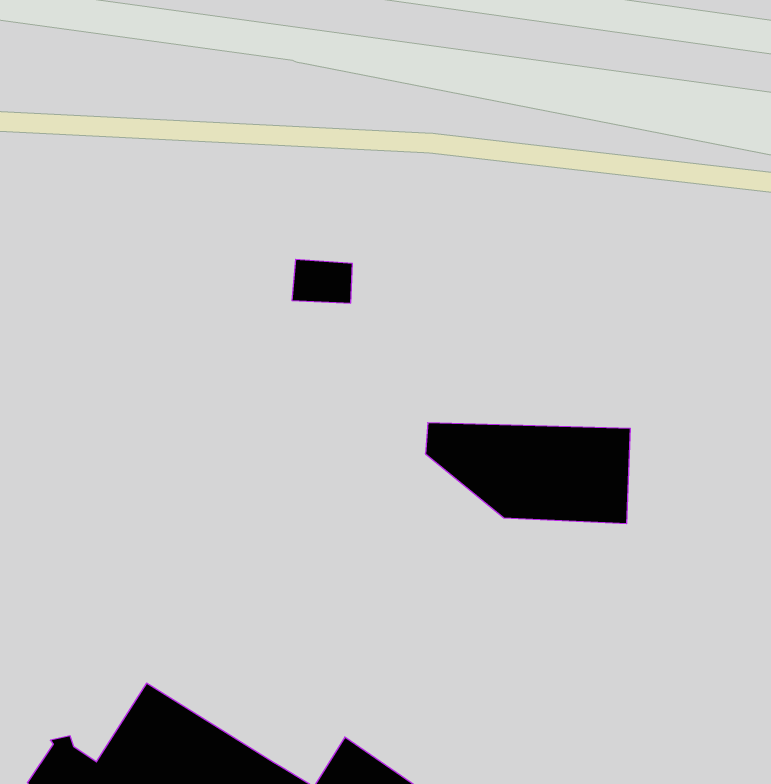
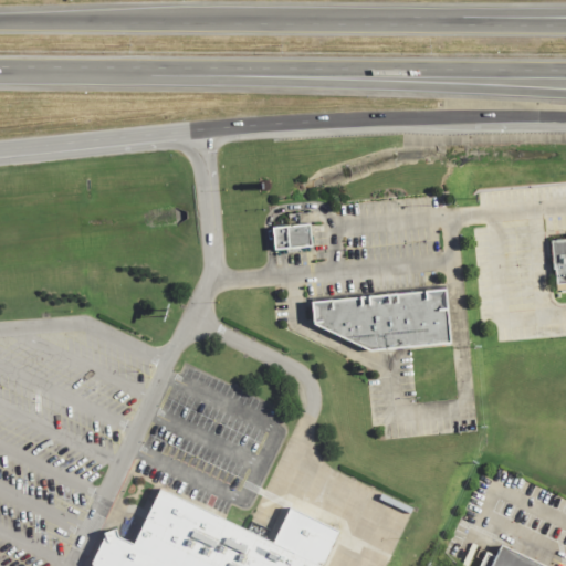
building: [292,259,352,303] -> [275,226,314,254]

